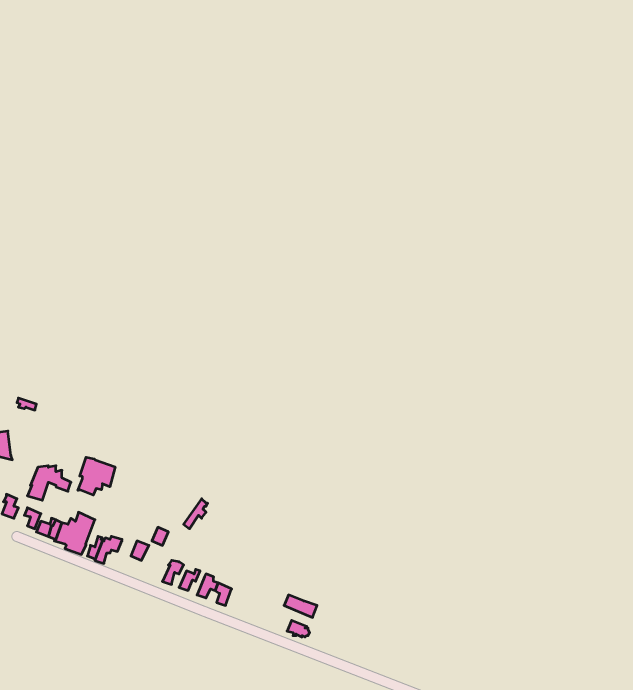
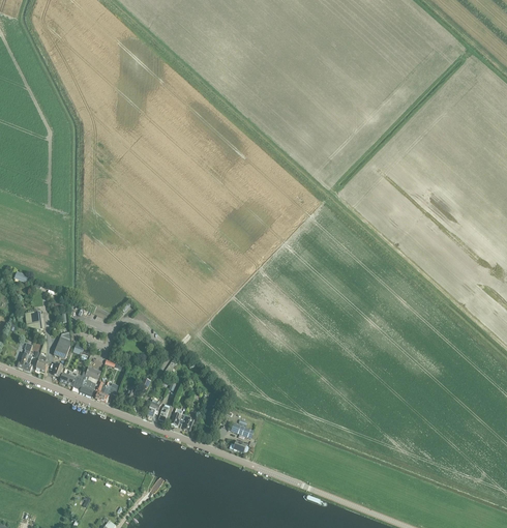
building: [78,457,115,495] -> none

